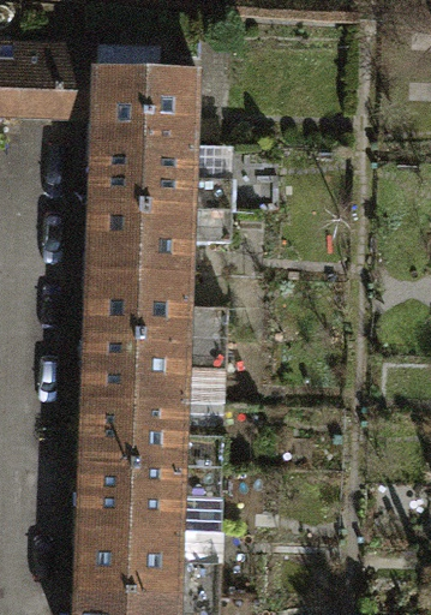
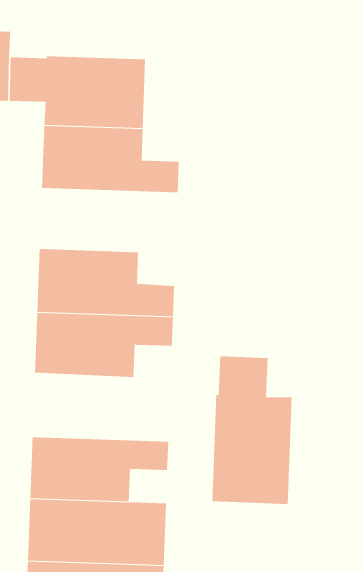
building: [84,209,228,275] -> none
building: none -> [212,355,292,505]
building: [77,400,221,471] -> none

